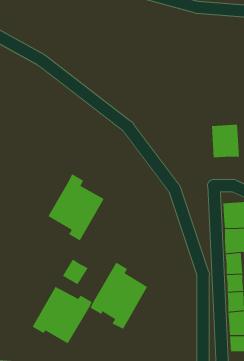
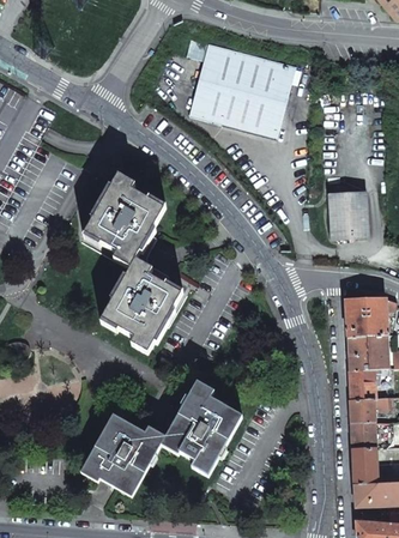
building: none -> [189,43,296,139]
building: none -> [84,175,165,270]
building: [62,259,89,285] -> none

